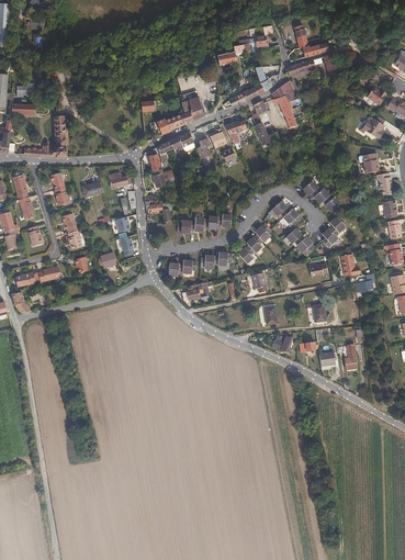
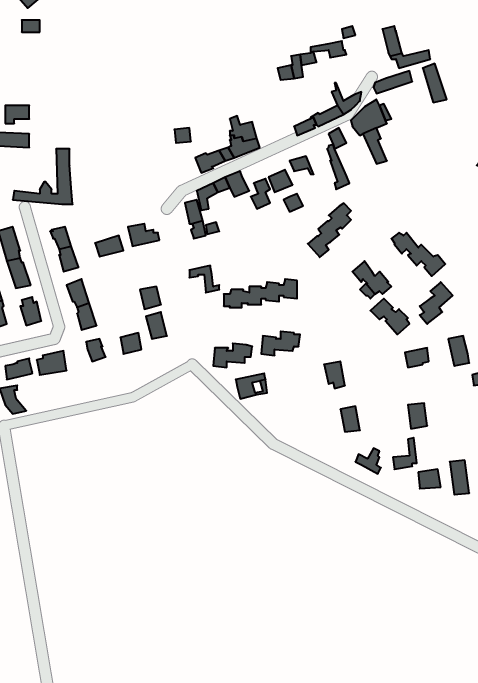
building: [238,222,270,261] -> [308,203,351,257]

